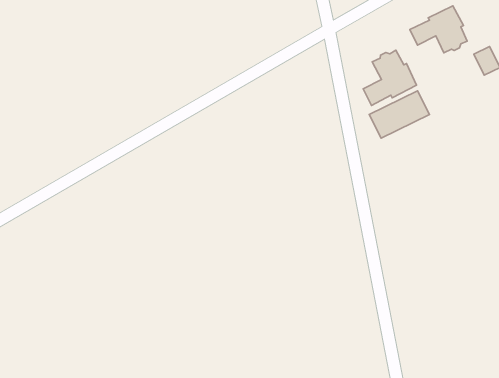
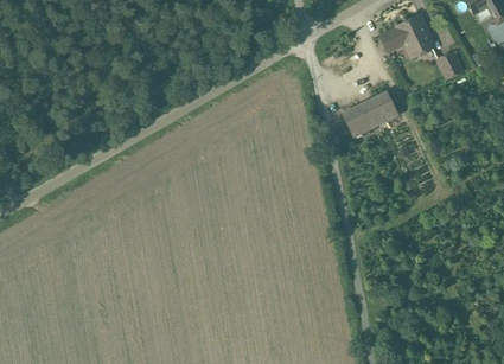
building: [363,50,417,105] -> none

